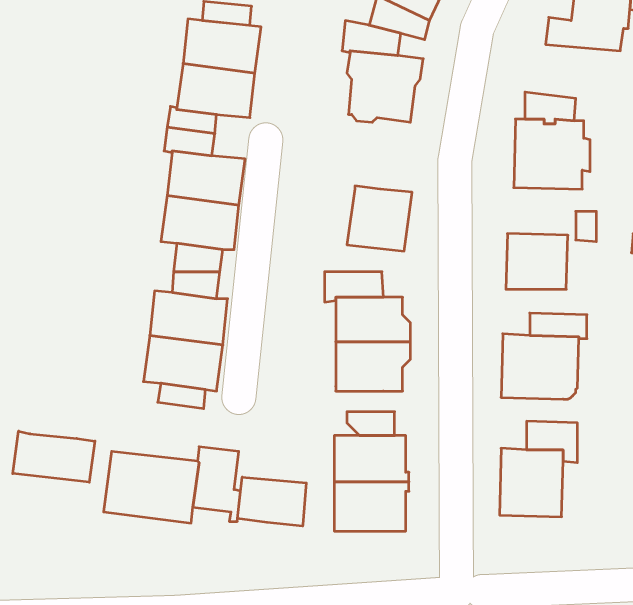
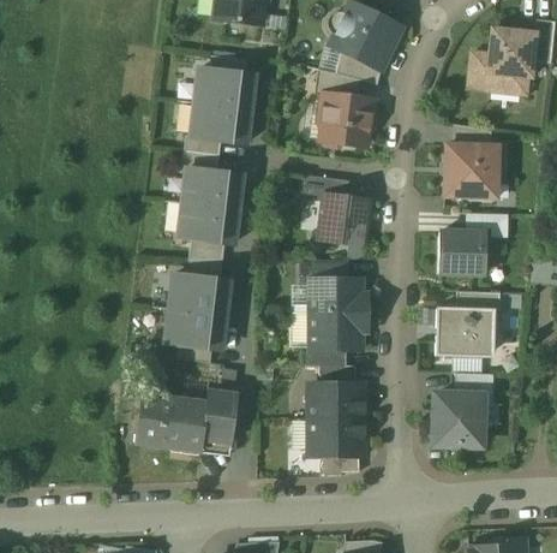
building: none -> [303,176,346,198]
building: none -> [303,347,346,367]
building: [13,431,95,482] -> none
building: [238,477,306,526] -> none

